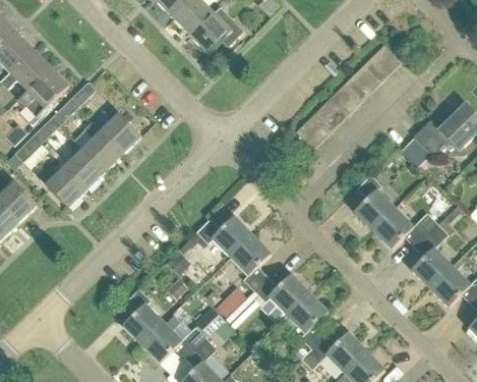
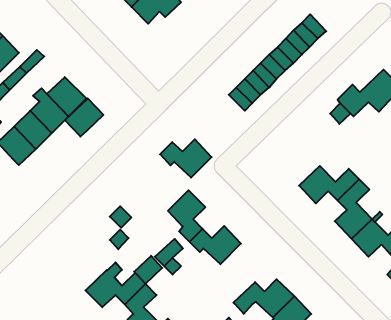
building: none -> [65,98,103,137]
building: [354,174,395,229] -> none
building: [196,215,252,257] -> [160,139,212,178]
building: [122,287,164,343] -> none
building: [287,292,327,357] -> none

